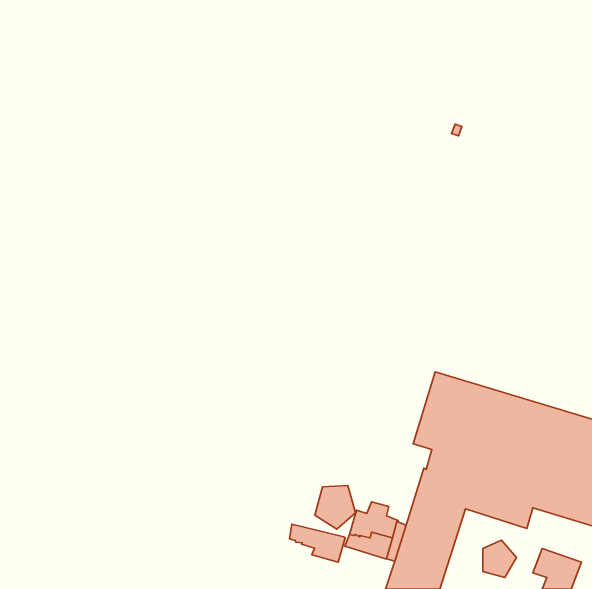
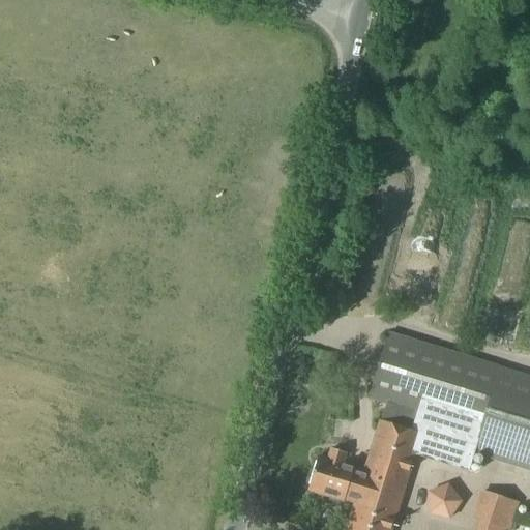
building: [315,485,356,529] -> none
building: [289,524,345,562] -> none

